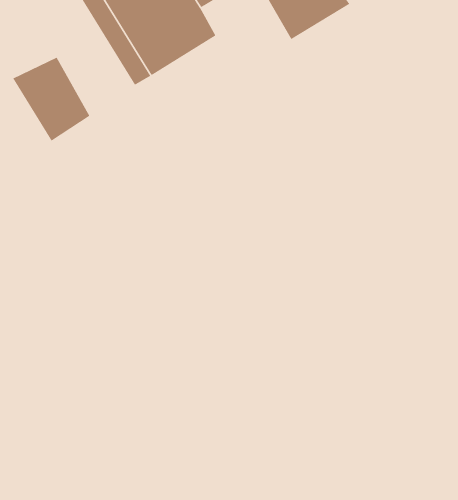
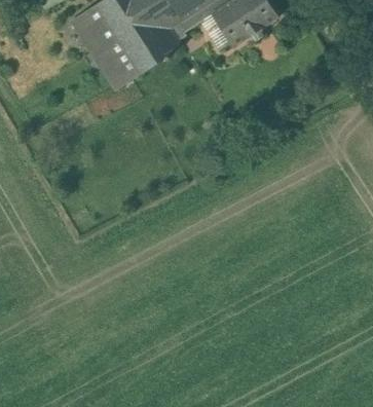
building: [12,57,90,142] -> none

